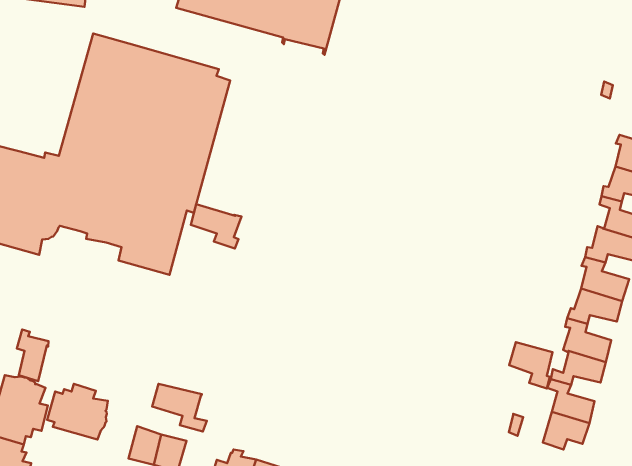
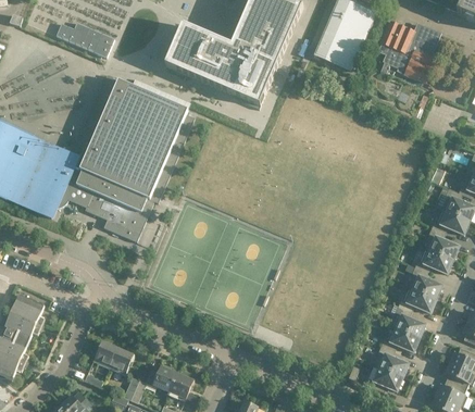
building: [191,204,241,248] -> none
building: [17,330,48,381] -> none
building: [509,342,552,389] -> none
building: [47,384,108,439] -> none
building: [152,384,207,431] -> none

